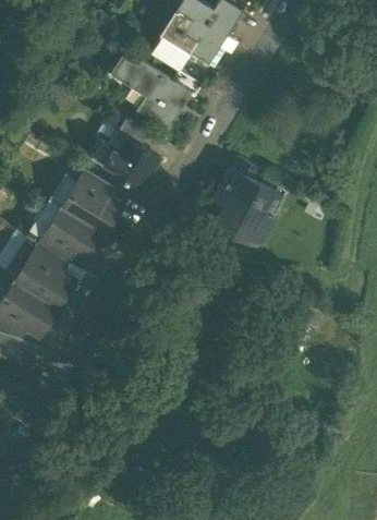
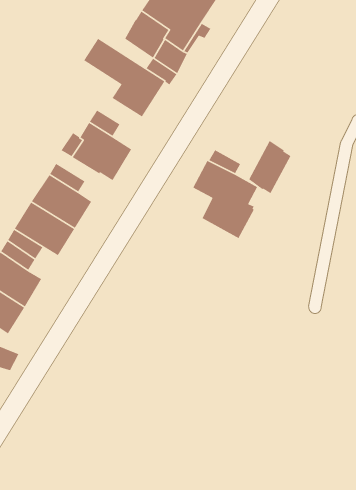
building: none -> [248,140,291,194]

